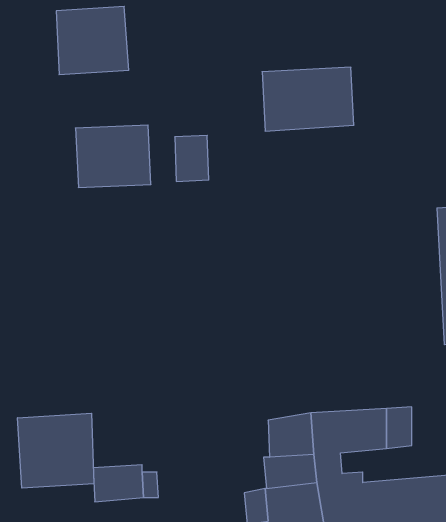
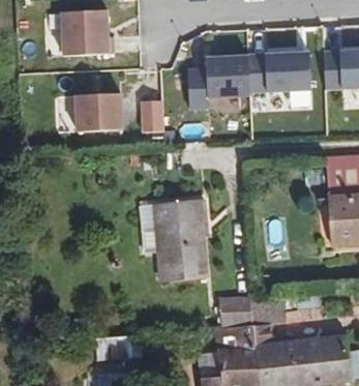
building: none -> [265,50,313,92]
building: none -> [158,199,207,281]
building: [18,413,94,488] -> none

